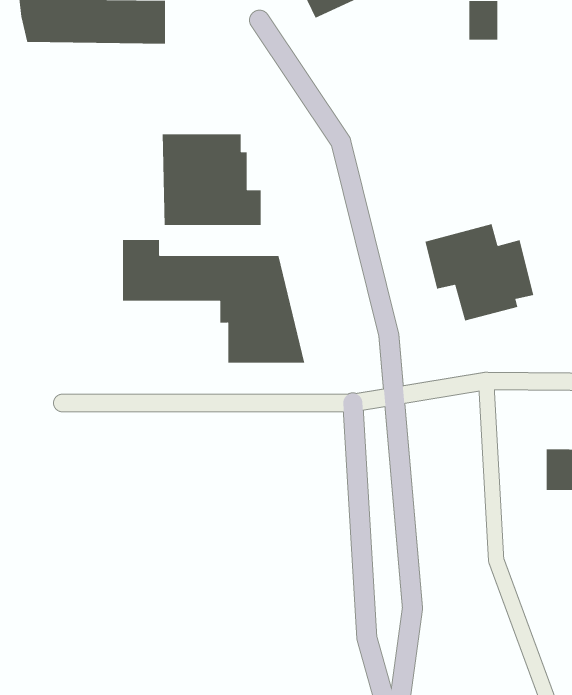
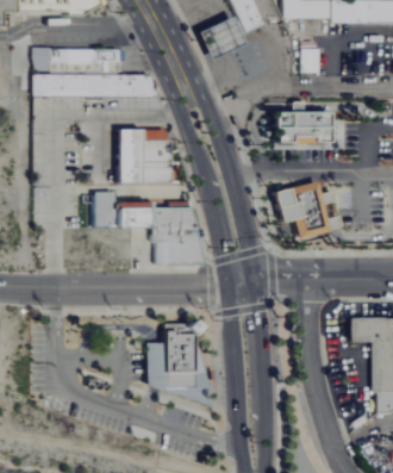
building: none -> [35,74,154,97]
building: none -> [275,101,331,142]
building: none -> [148,318,211,405]

